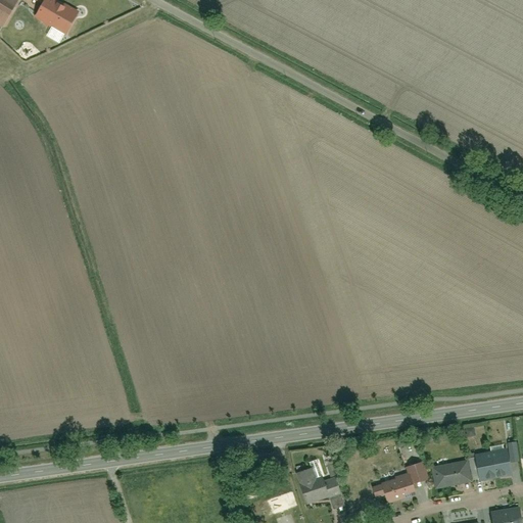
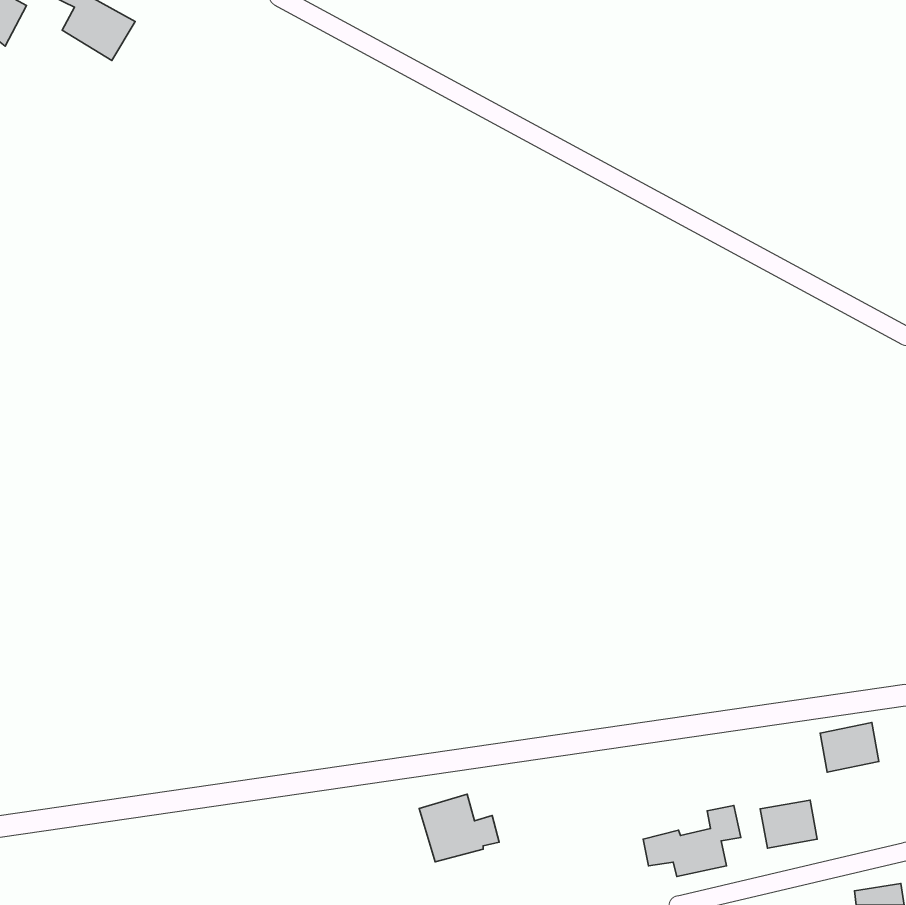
building: [476,448,510,477] -> [820,722,879,772]
building: [293,464,339,503] -> [419,794,499,862]

